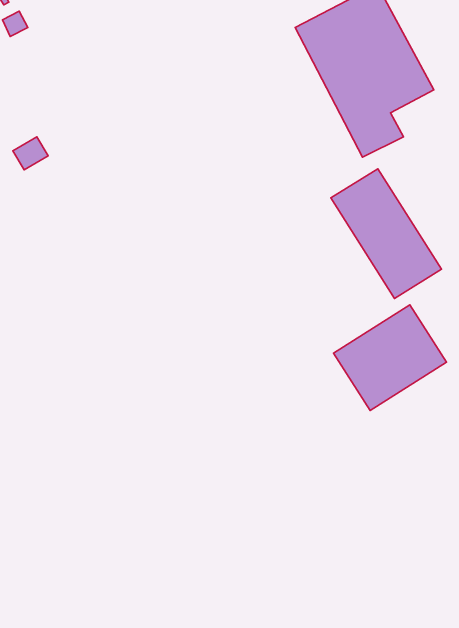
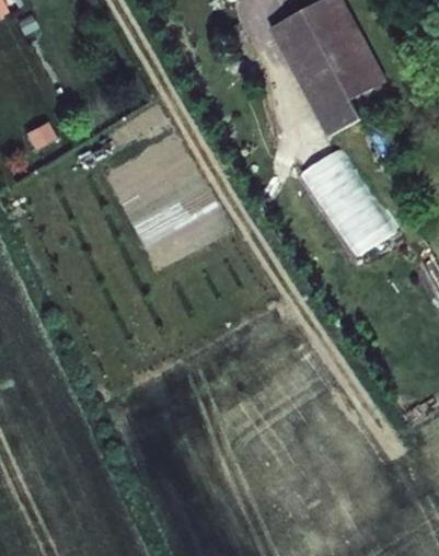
building: [334,305,447,410] -> none

